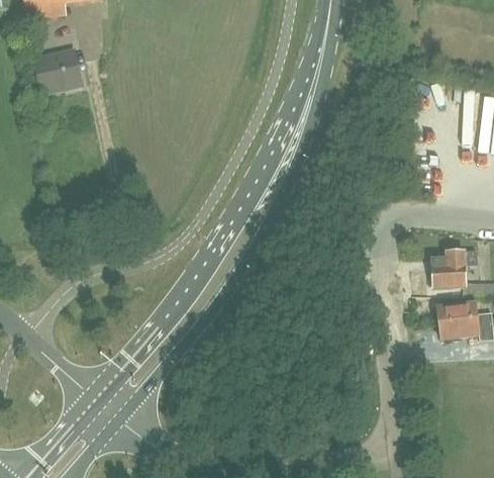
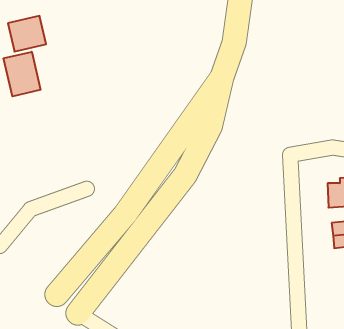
building: none -> [4,52,41,96]

